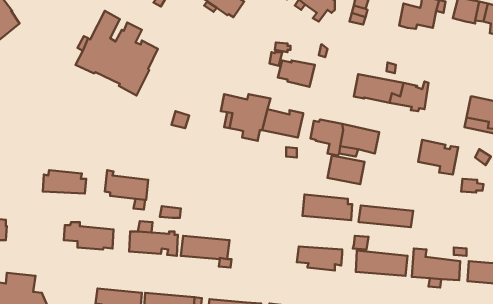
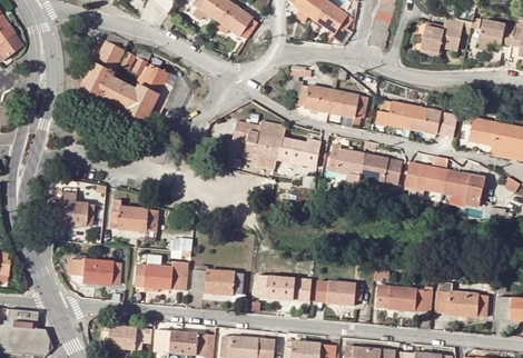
building: none -> [327,89,367,125]
building: none -> [467,117,497,145]
building: [328,156,364,184] -> [407,161,446,191]
building: [303,195,352,220] -> [255,275,307,301]
building: [358,205,413,227] -> none

